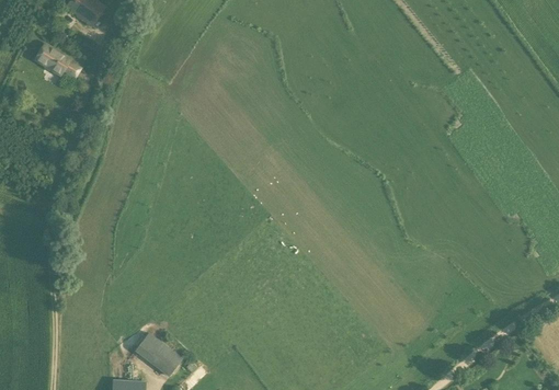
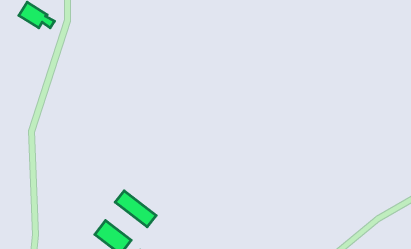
building: none -> [115,191,156,227]

